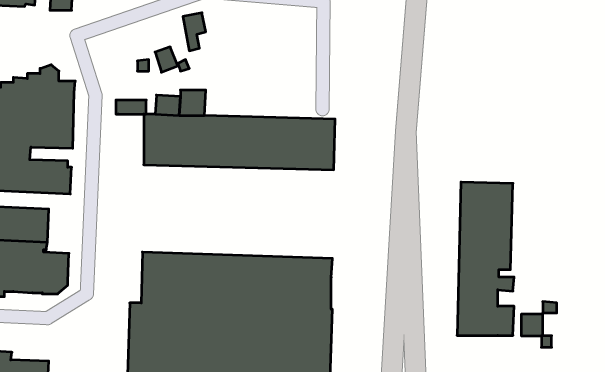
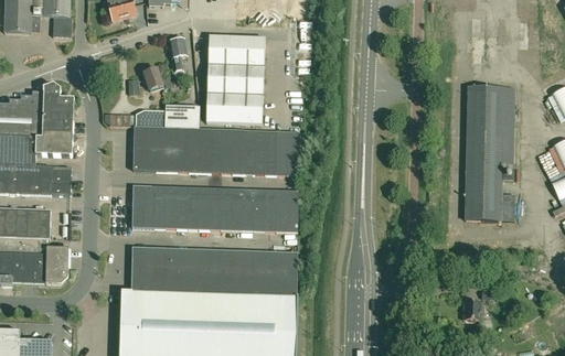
building: none -> [206,34,269,123]
building: [457,182,514,335] -> [465,86,514,219]
building: none -> [132,185,299,231]

